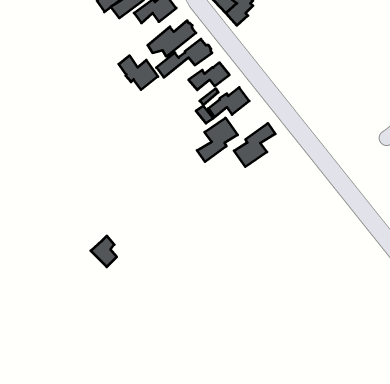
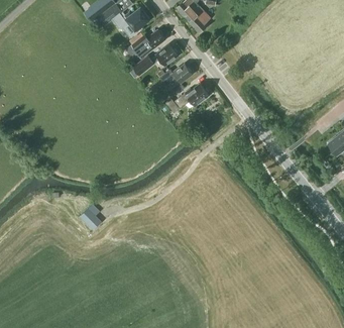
building: [119,56,158,90] -> none
building: [197,118,238,162] -> none
building: [234,123,275,167] -> none

